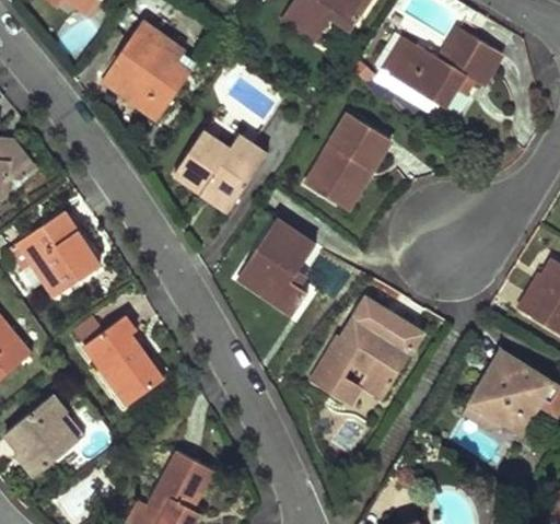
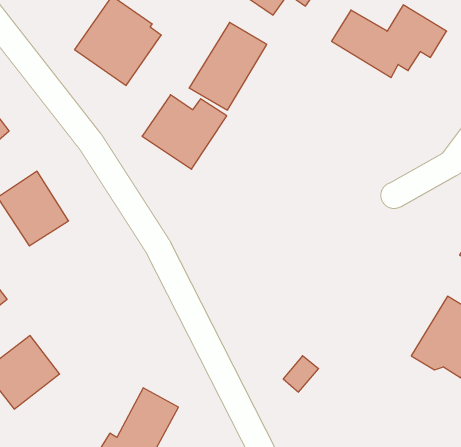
building: [307,113,392,208] -> [189,22,267,110]
building: [237,219,315,314] -> none
building: [311,295,421,399] -> none
building: [82,316,161,404] -> none

